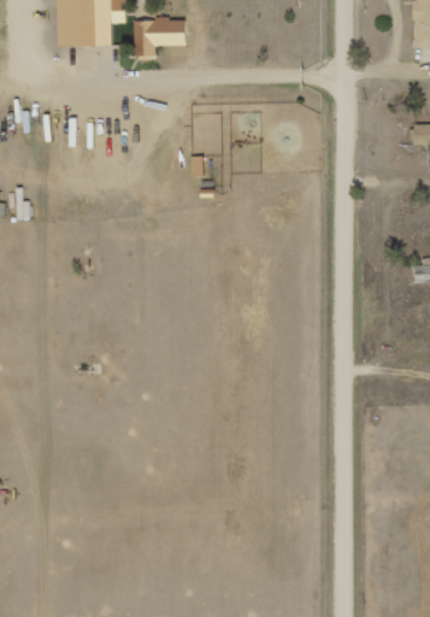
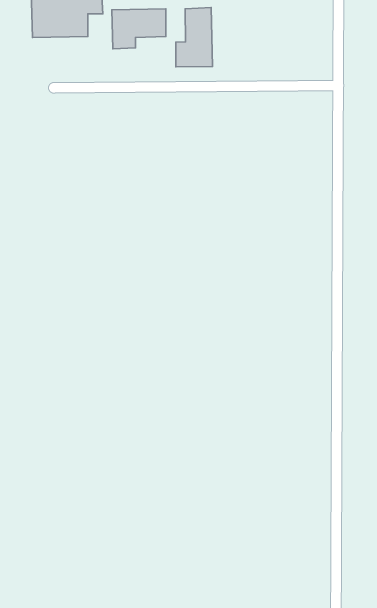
building: none -> [176,8,213,67]

